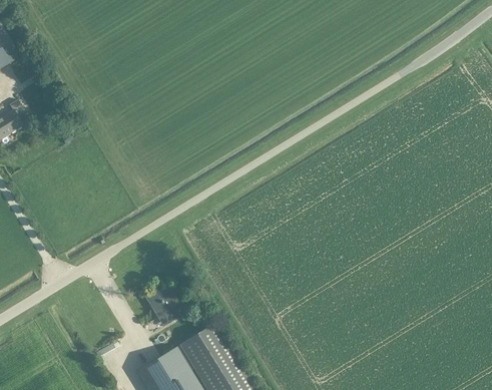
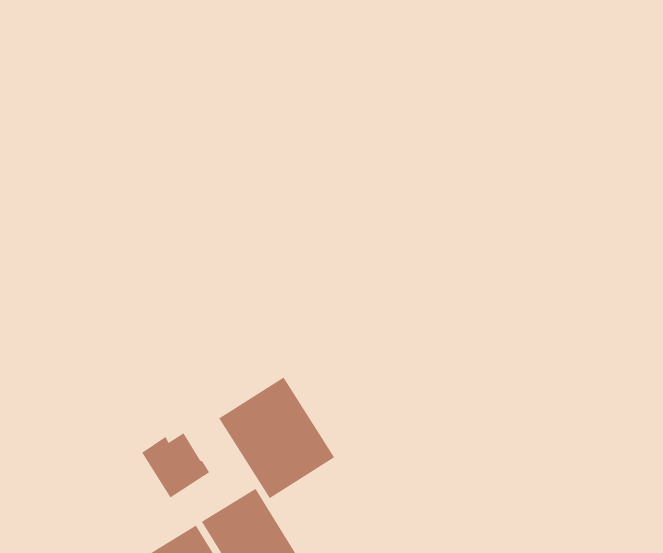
building: none -> [218,377,335,499]

